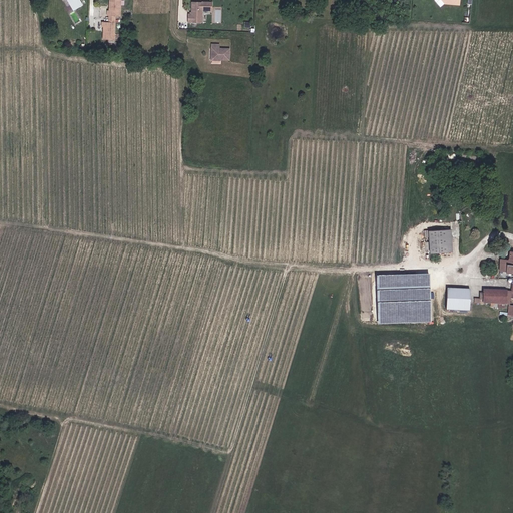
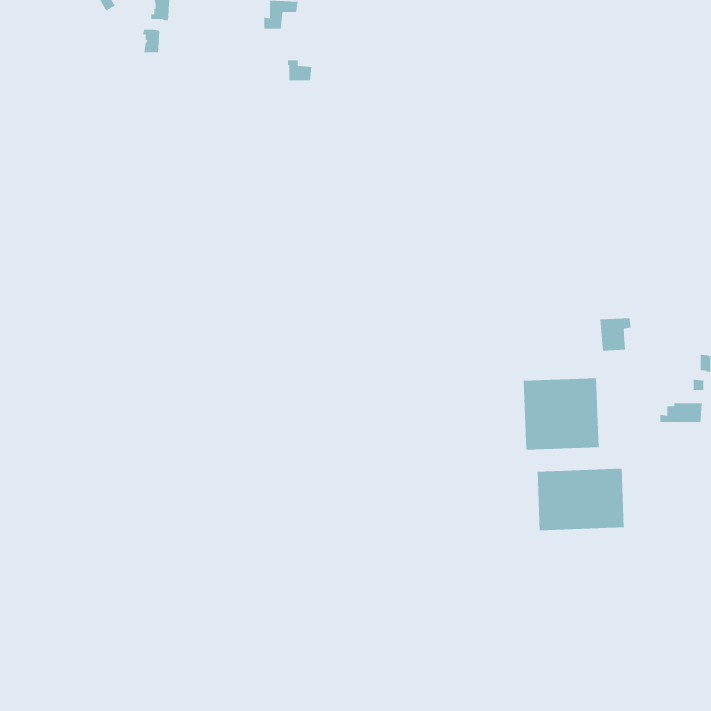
building: [447,289,470,311] -> none
building: none -> [537,468,624,531]

